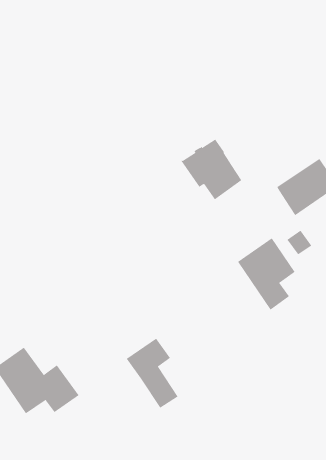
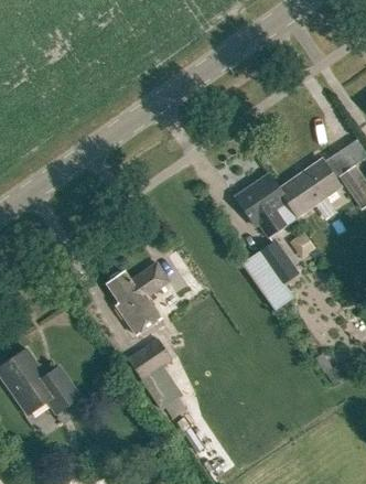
building: [180,137,242,200] -> [235,173,297,236]
building: none -> [108,262,170,334]

